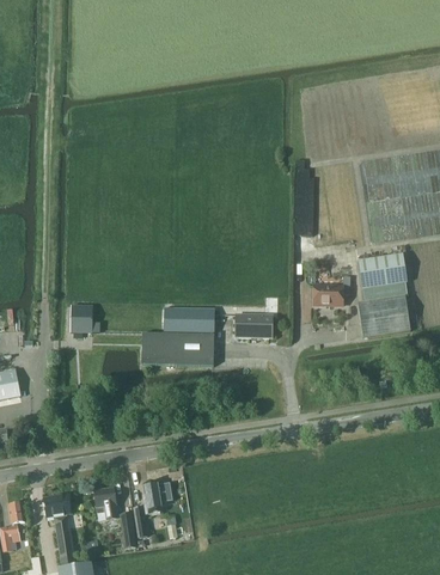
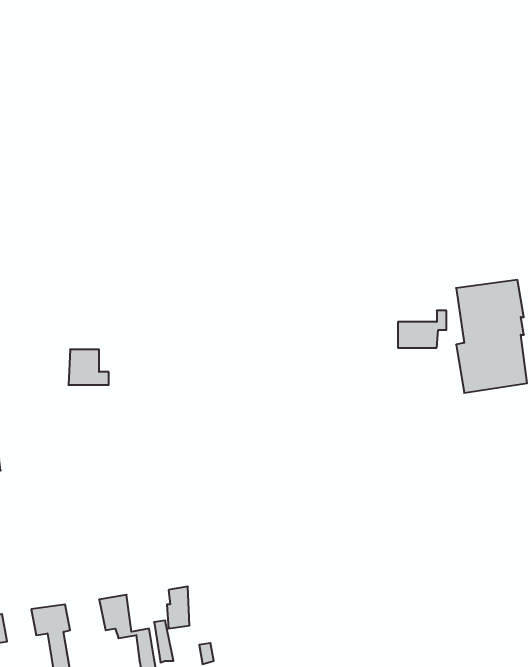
building: [141,306,214,365] -> none
building: [234,313,271,336] -> none

